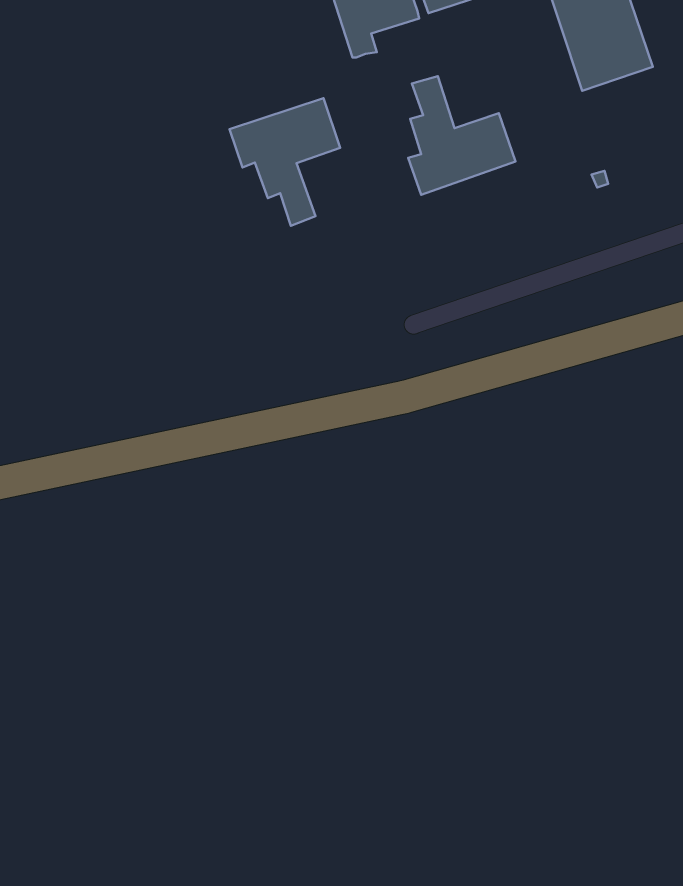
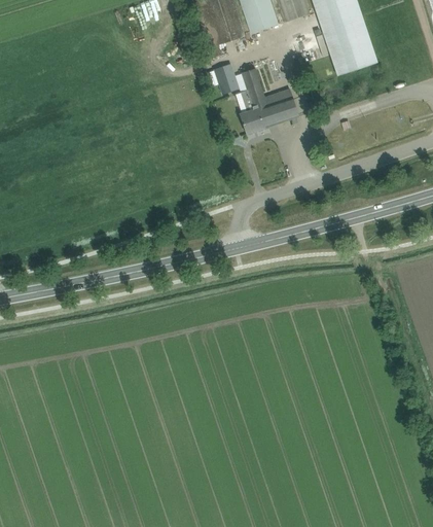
building: none -> [216,63,240,93]
building: [230,98,340,226] -> none

